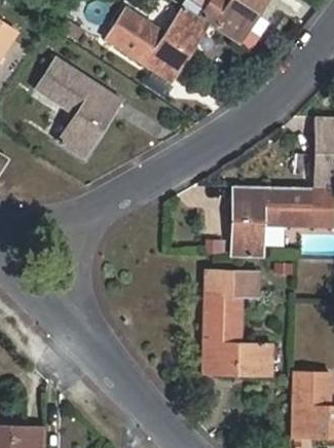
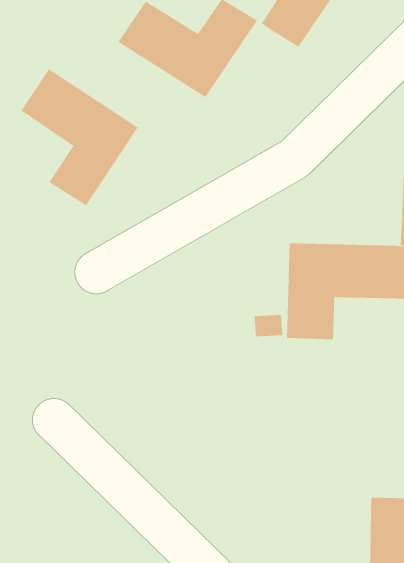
building: [202,274,272,375] -> none

